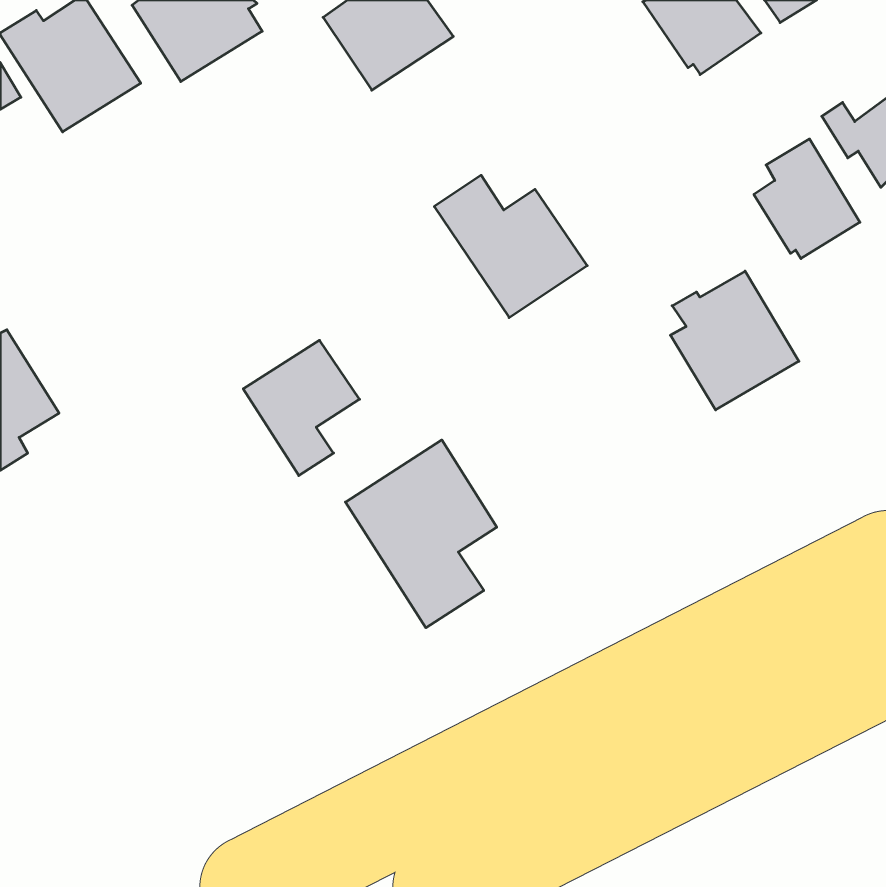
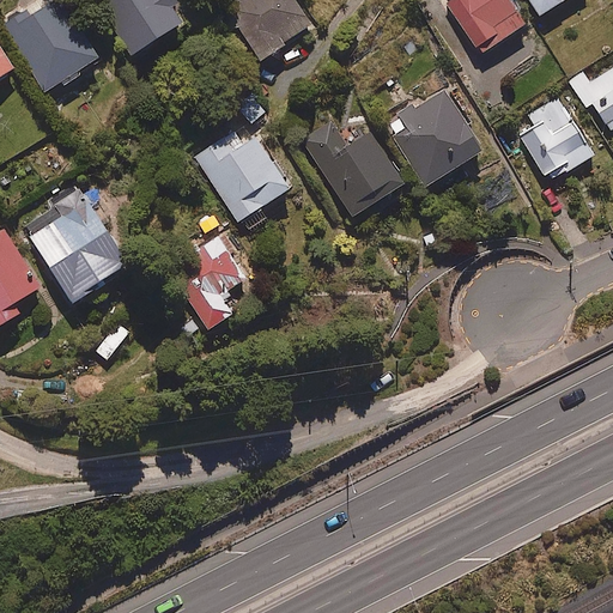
building: none -> [194,135,289,225]
building: none -> [25,187,131,303]
building: [670,271,799,410] -> [395,89,484,184]
building: [345,440,497,628] -> none

